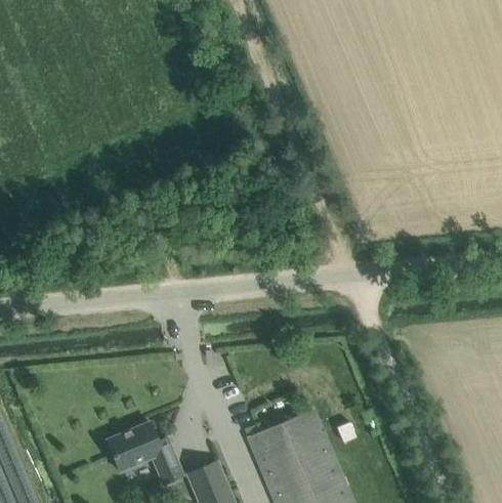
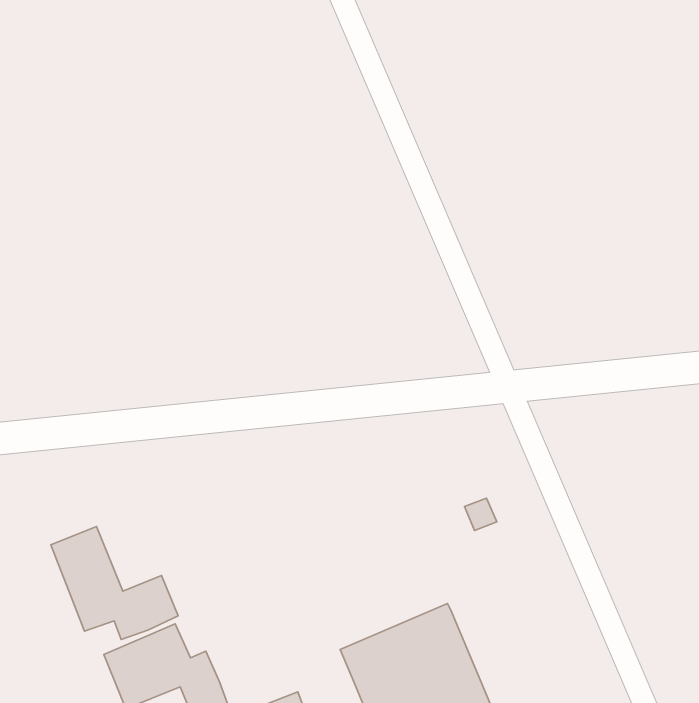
building: none -> [51,526,178,640]

